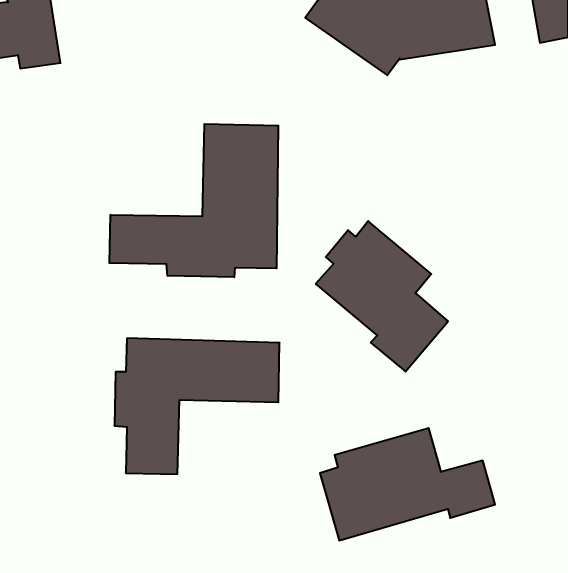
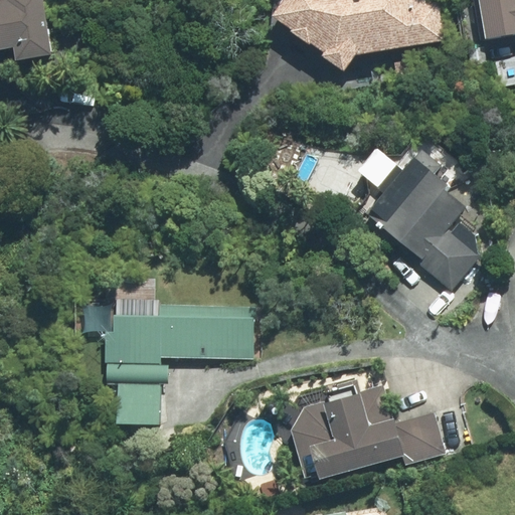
building: [109,124,278,277] -> none
building: [316,221,448,372] -> [368,156,487,291]

